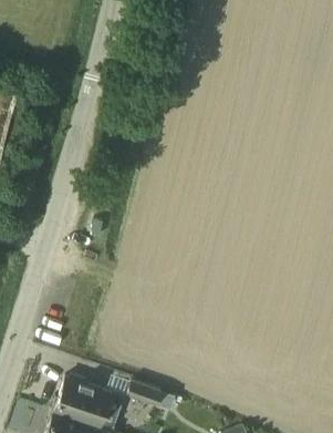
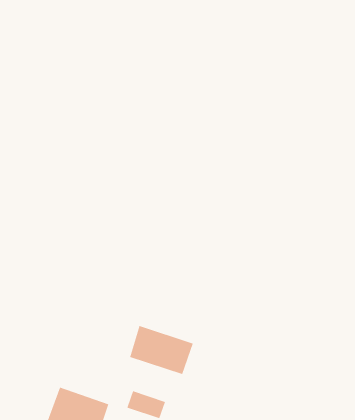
building: none -> [129,325,193,375]

